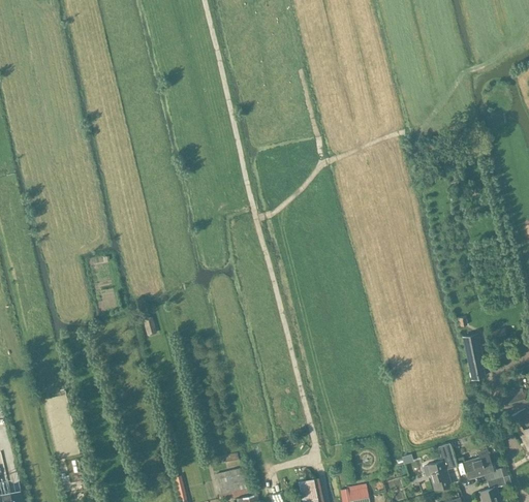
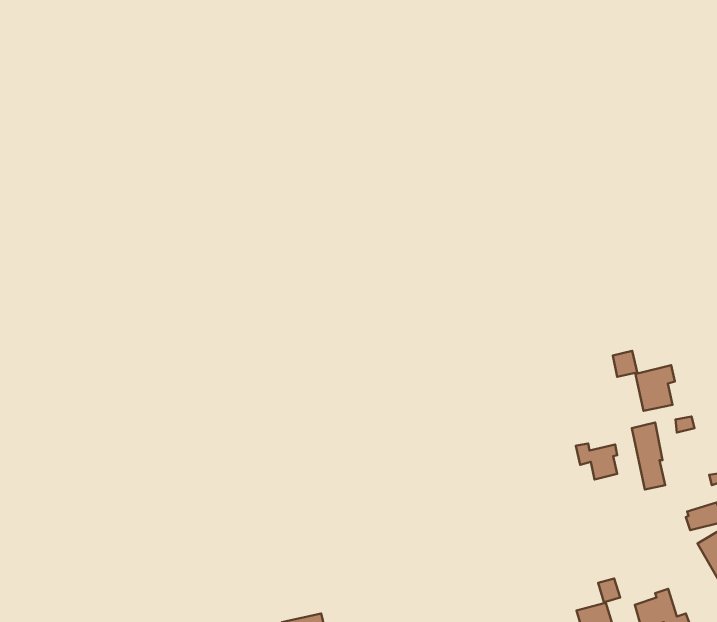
building: none -> [613,351,675,411]
building: none -> [576,443,617,480]

